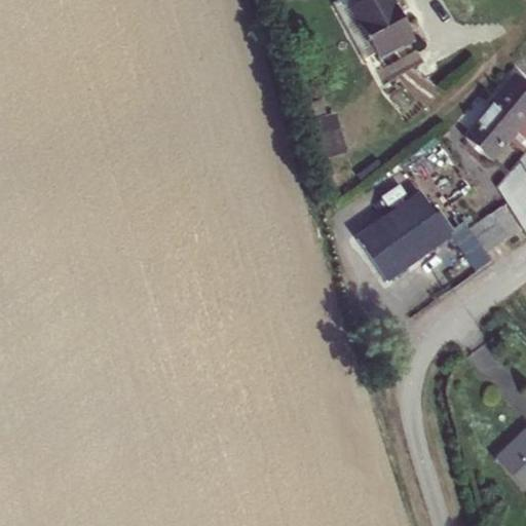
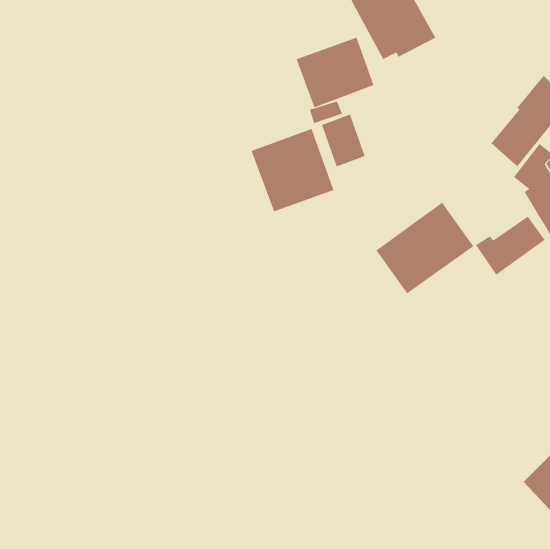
building: none -> [296,37,374,108]
building: none -> [251,128,334,212]

